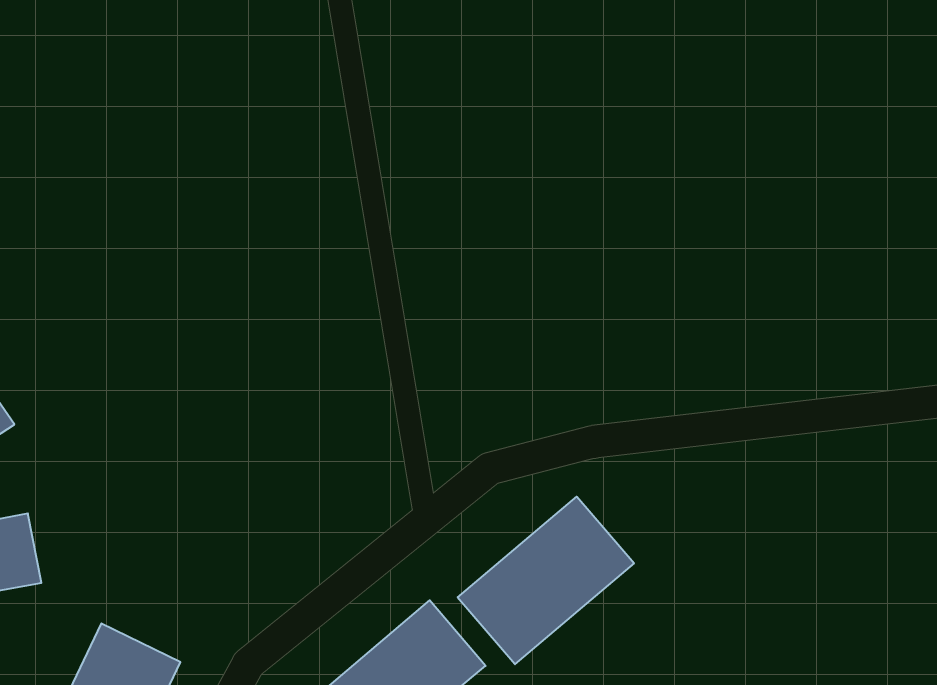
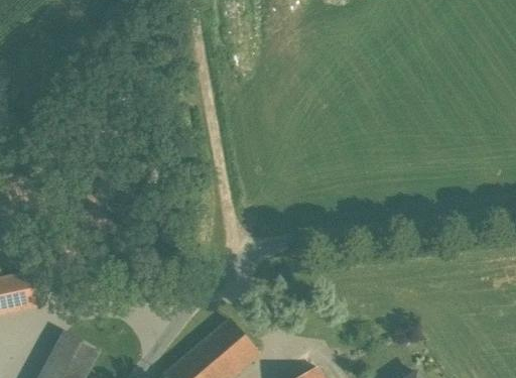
building: [458,497,634,664] -> none

